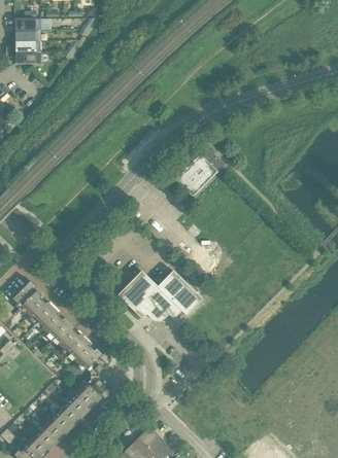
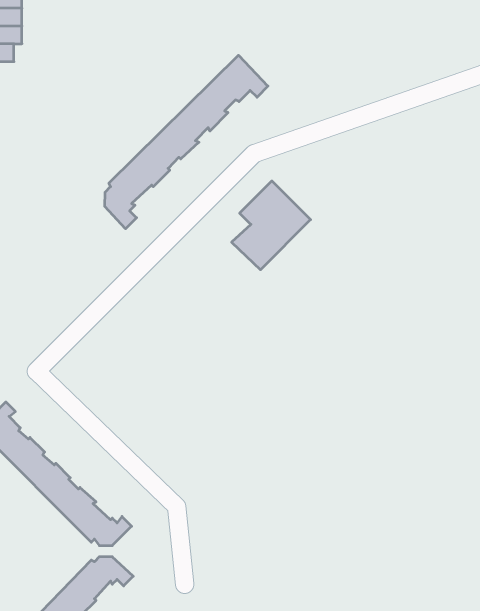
building: none -> [105,55,268,229]
building: [117,270,202,319] -> none

